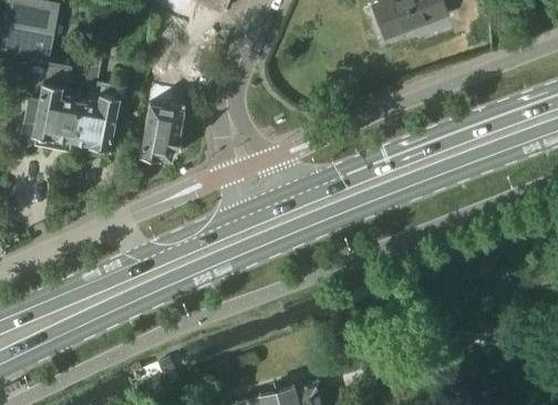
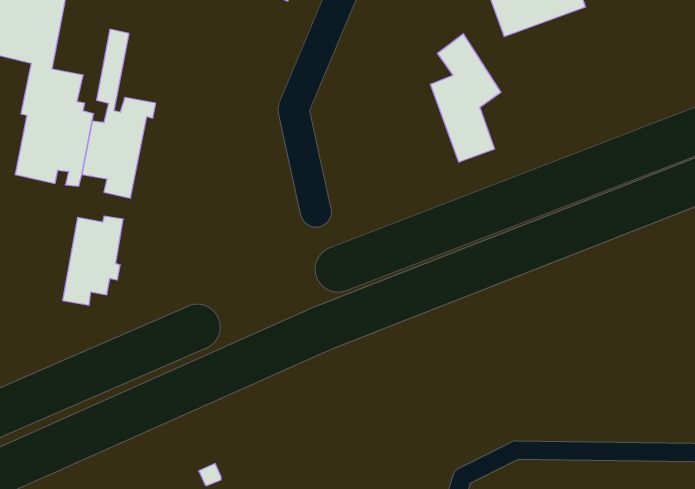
building: none -> [431,34,501,162]
building: [140,100,185,166] -> [63,216,123,305]

